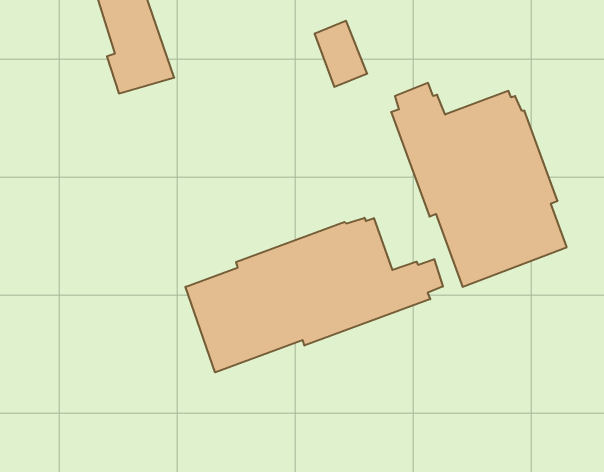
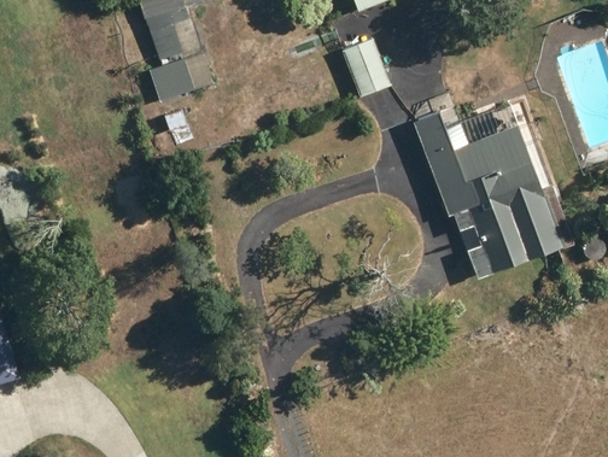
building: [185,218,443,372] -> none

